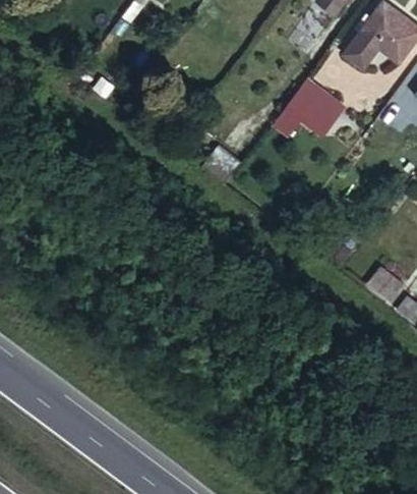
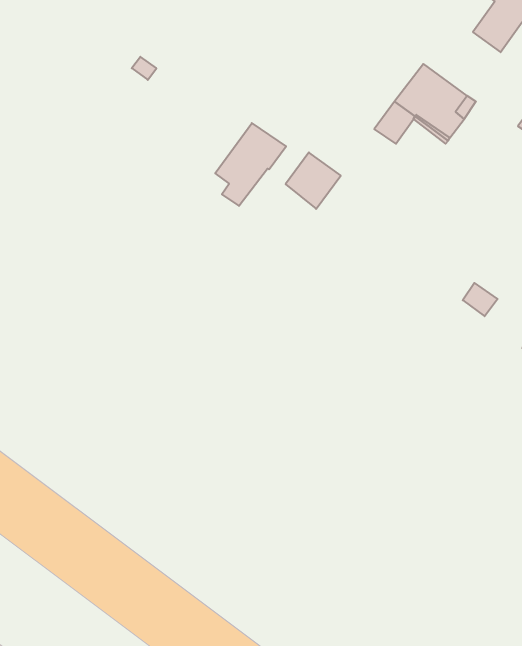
building: none -> [215,123,286,206]

